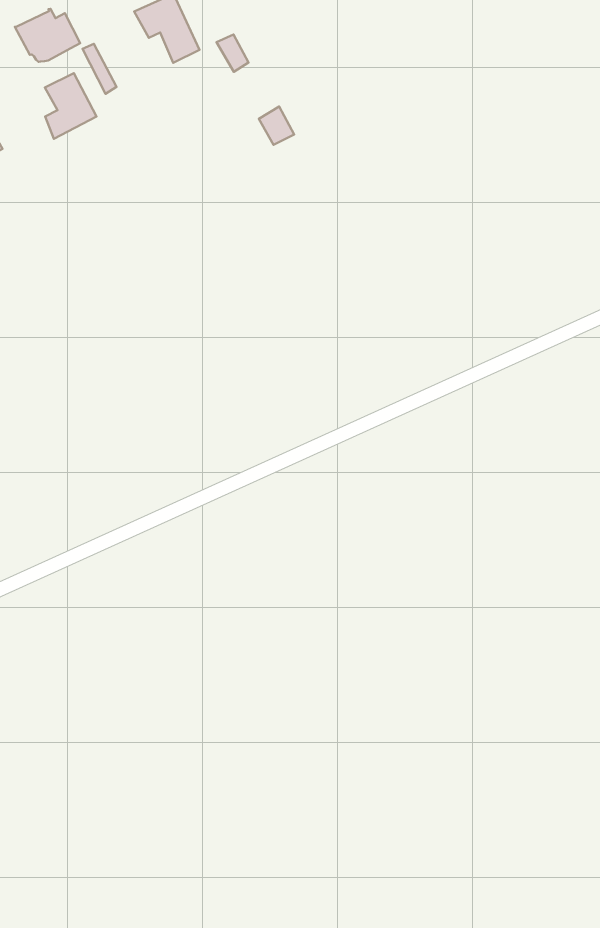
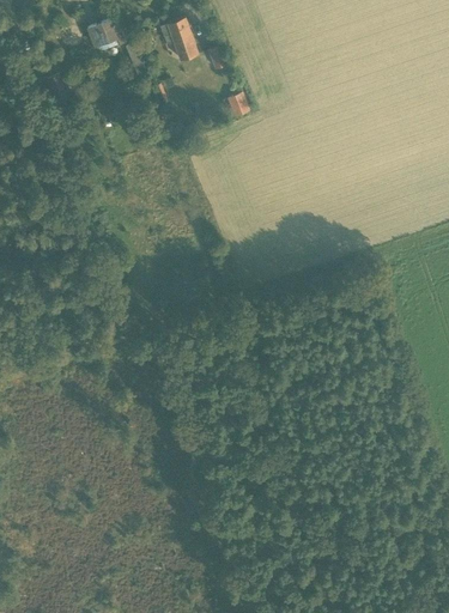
building: [45,73,96,139] -> none

